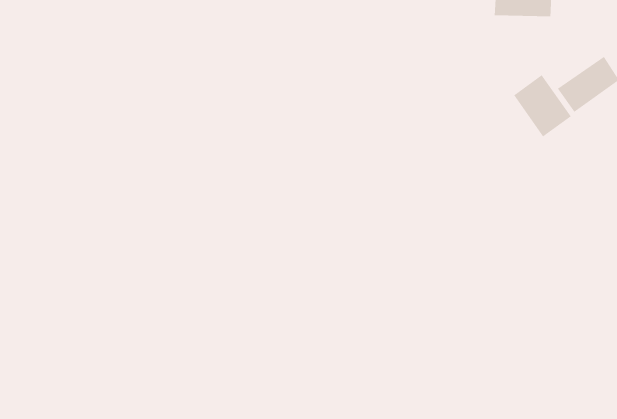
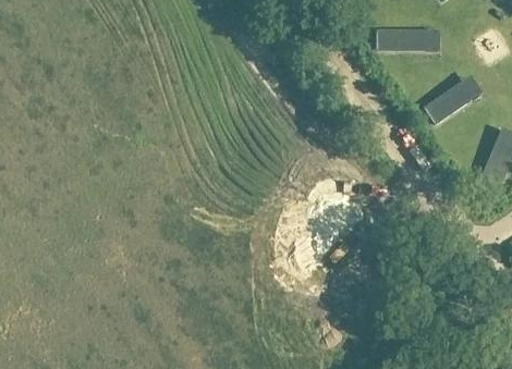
building: [513,74,572,138] -> none

